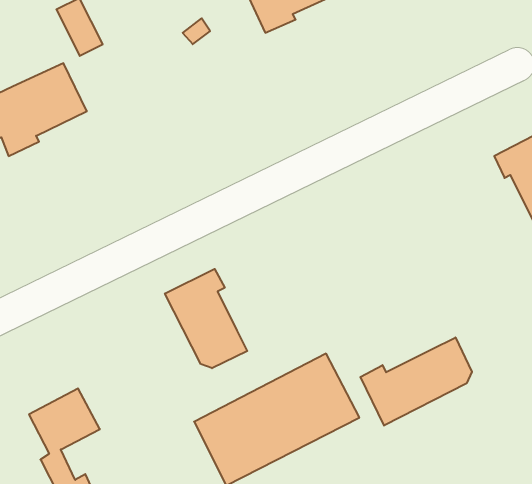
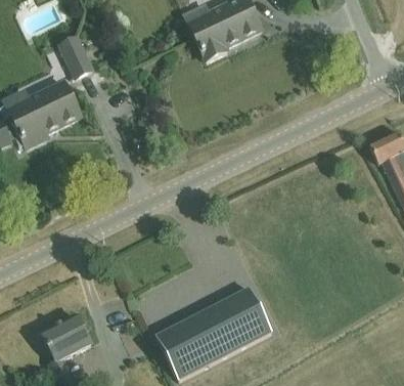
building: [165,269,247,368] -> none
building: [360,337,472,426] -> none

